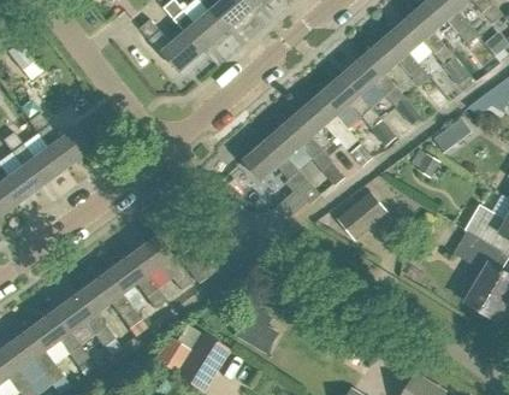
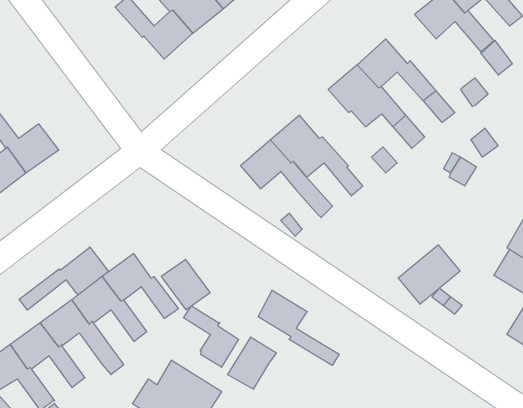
building: [365,35,431,87] -> none
building: [292,98,357,151] -> none
building: [337,191,389,241] -> [398,245,460,304]
building: none -> [19,247,108,310]
building: none -> [258,290,339,365]
building: none -> [183,306,239,367]

